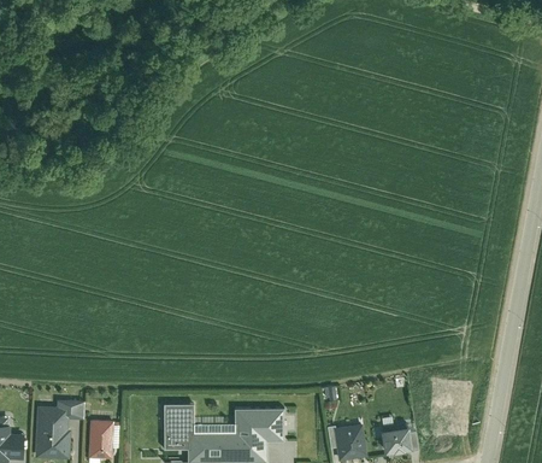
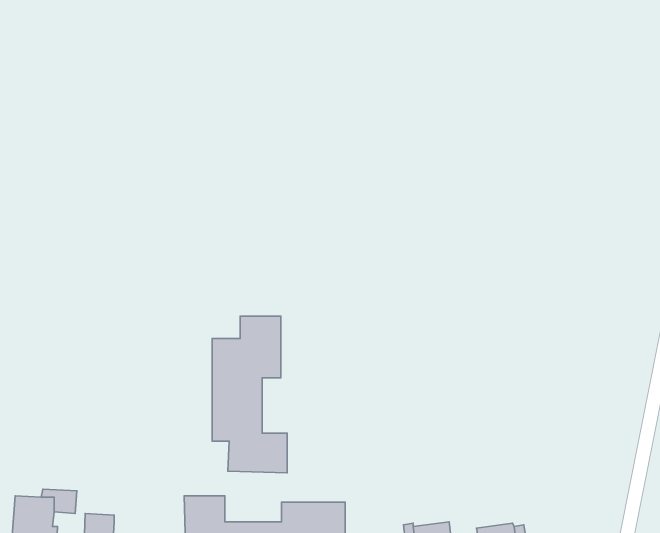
building: none -> [212,316,287,473]

